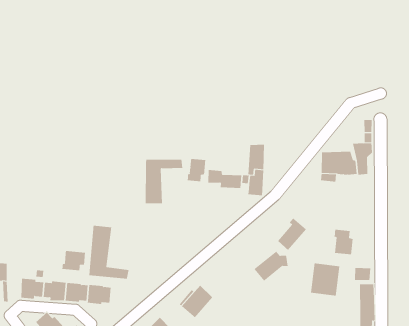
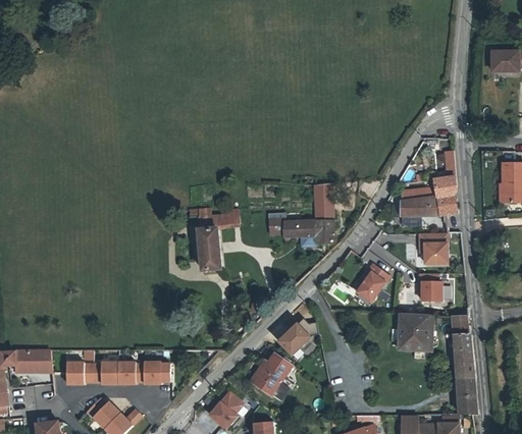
building: [187,158,206,182] -> none
building: none -> [419,233,449,265]
building: [89,225,129,280] -> none
building: [62,250,86,271] -> none
building: [253,251,288,282] -> [279,319,319,356]

